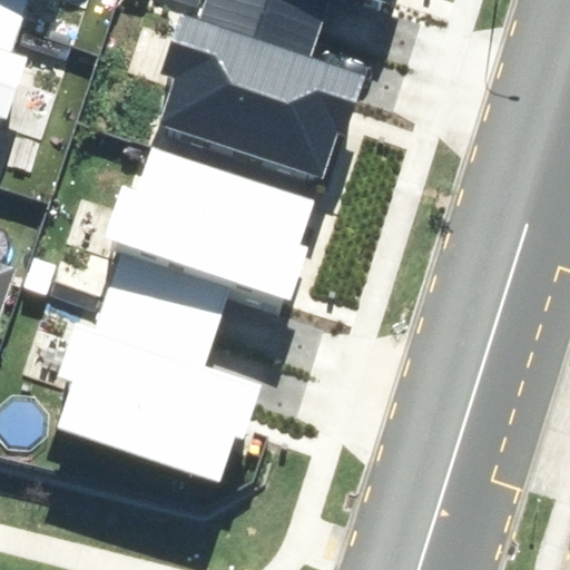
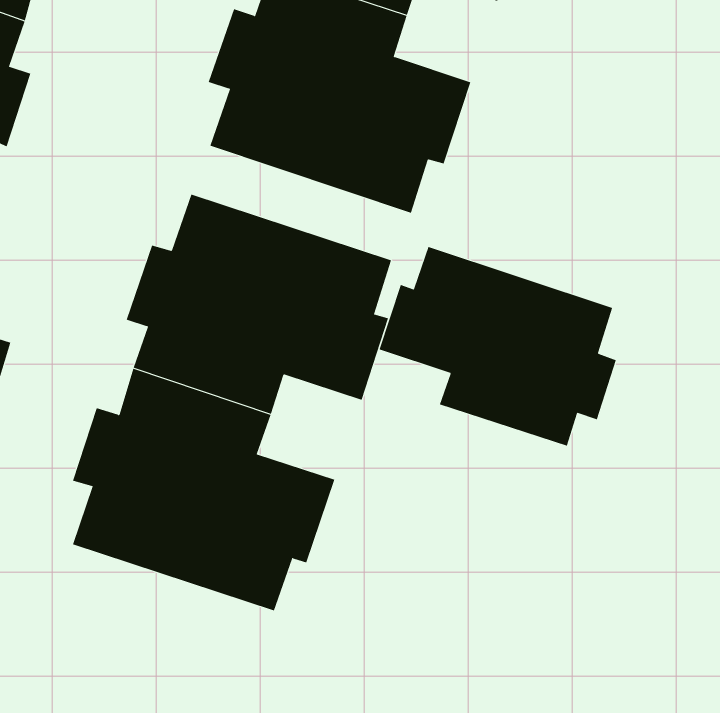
building: none -> [379,246,616,447]

